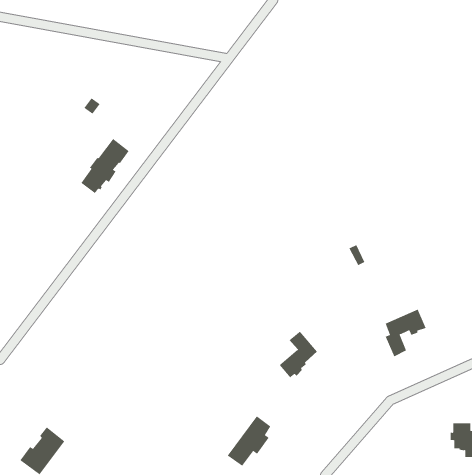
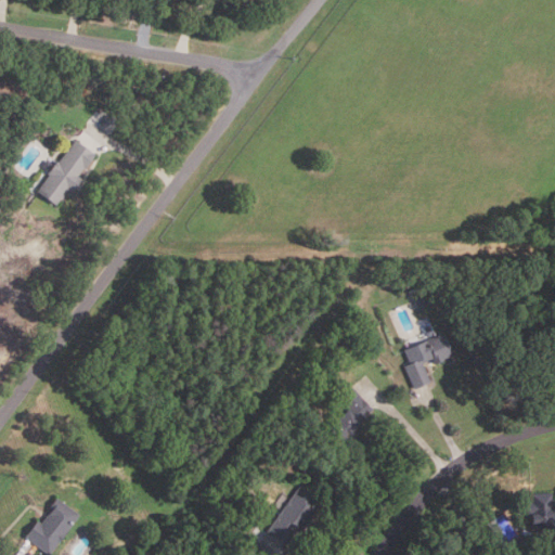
building: [80,138,130,194] -> [38,139,95,204]
building: [385,309,426,357] -> [405,333,454,389]

